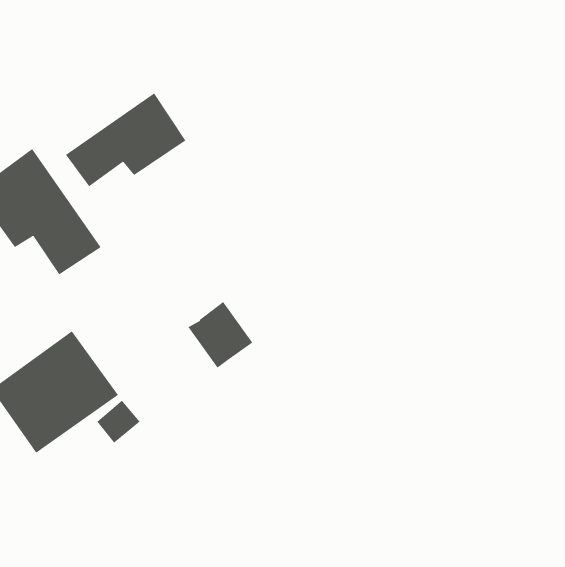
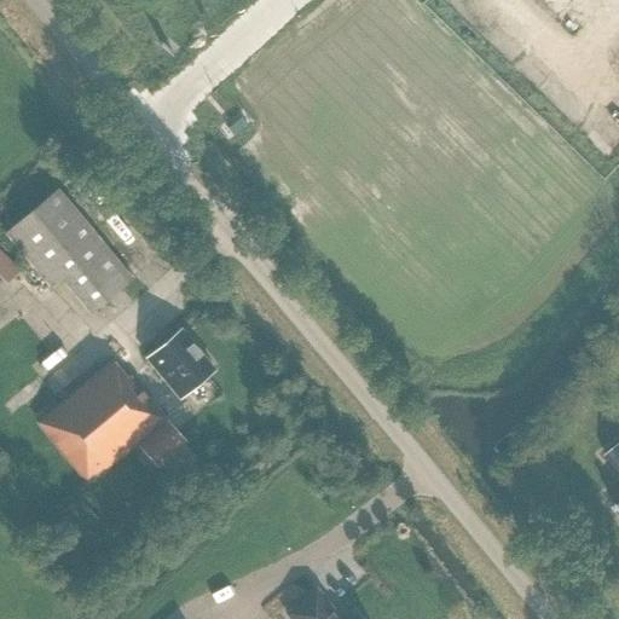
building: [65,92,186,187] -> none
building: [187,301,253,369] -> [150,330,214,395]

